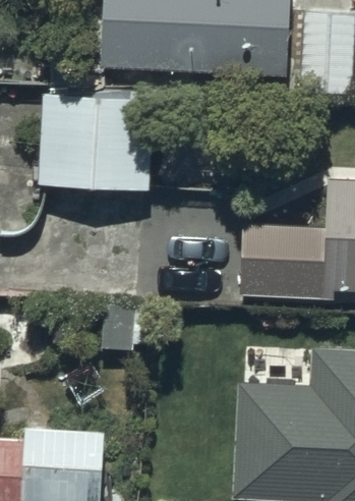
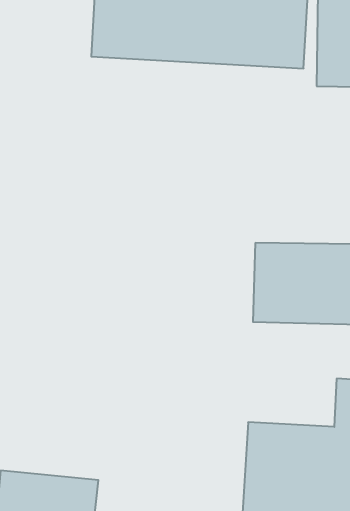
building: [38,91,154,187] -> none

